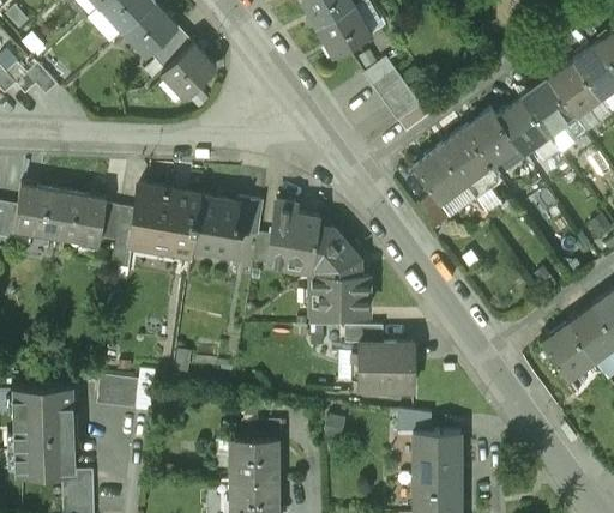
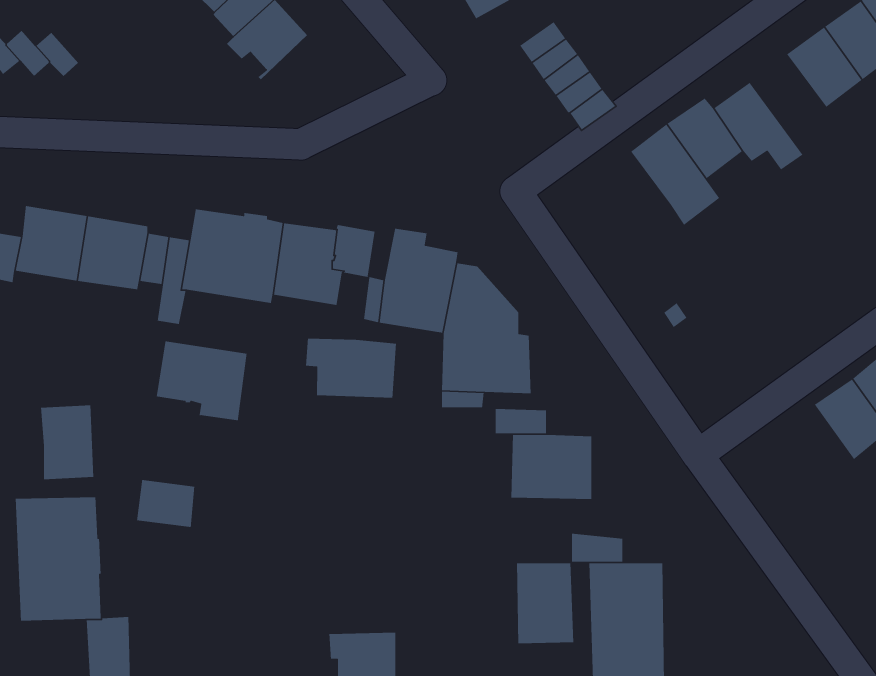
building: [522,82,585,152] -> none
building: [413,149,466,205] -> none
building: none -> [305,338,397,398]
building: none -> [155,341,248,421]
building: none -> [40,405,94,480]
building: [540,324,594,381] -> none
building: none -> [516,562,574,644]
building: [230,440,277,482] -> none

